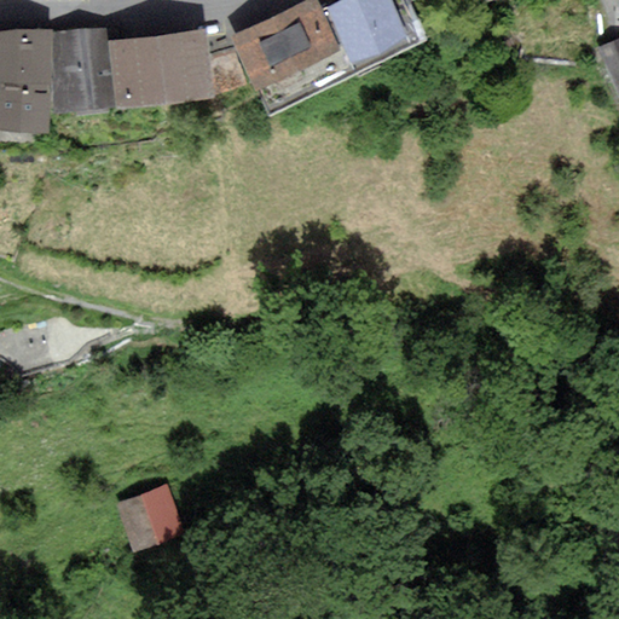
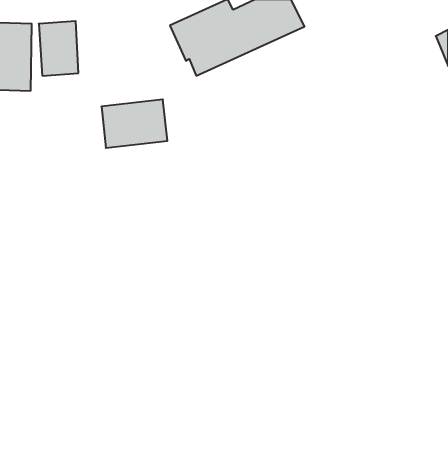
building: [116,31,207,98] -> [101,99,167,148]
building: [121,484,189,553] -> none

